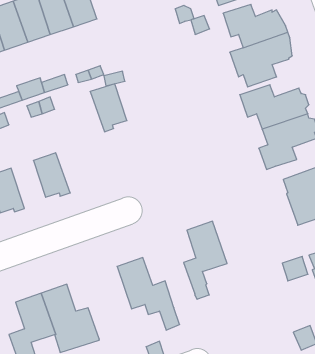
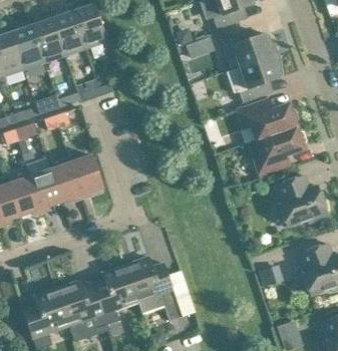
building: [90,84,127,132] -> [70,154,103,198]
building: none -> [30,168,61,212]
building: [184,221,227,299] -> [99,264,138,334]

